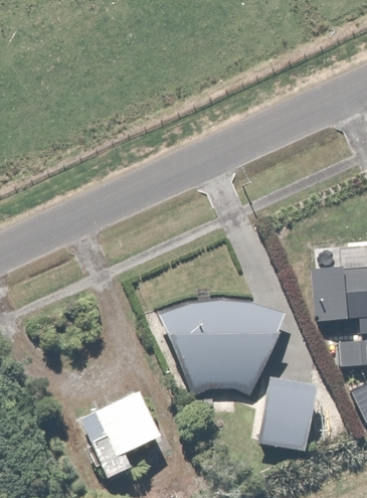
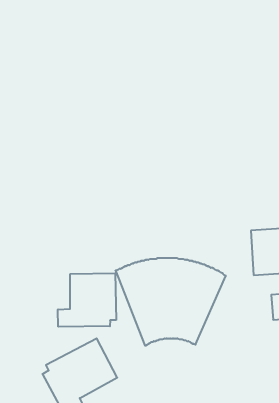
building: none -> [58,273,116,327]
building: [258,376,313,451] -> none

